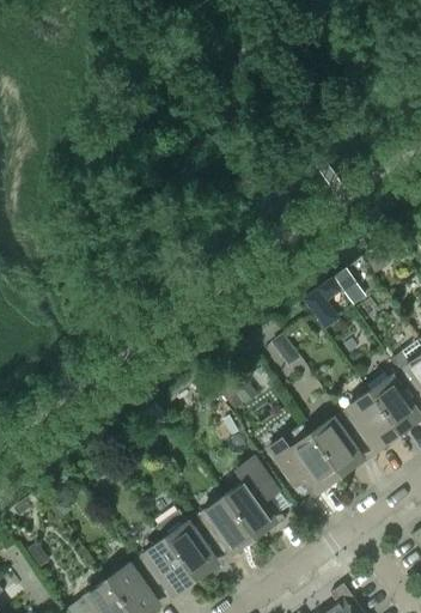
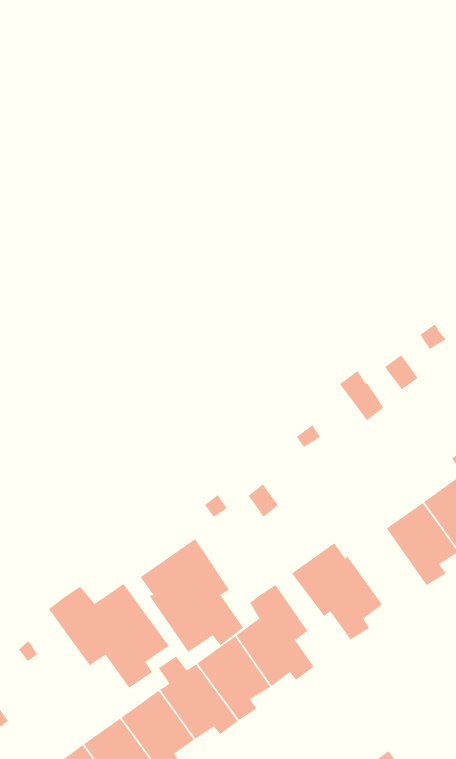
building: [310,414,371,473] -> none
building: none -> [140,538,244,652]
building: none -> [48,583,169,688]

